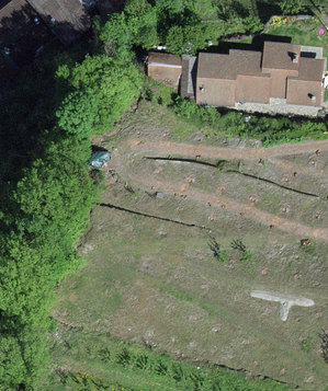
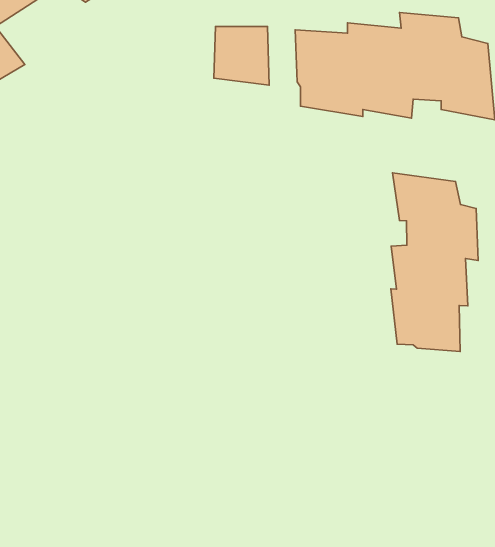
building: none -> [391,173,478,352]

